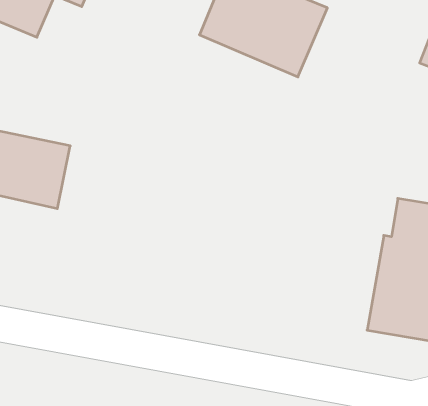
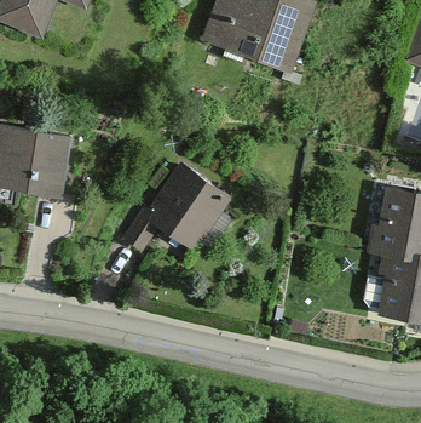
building: none -> [120,159,233,253]

